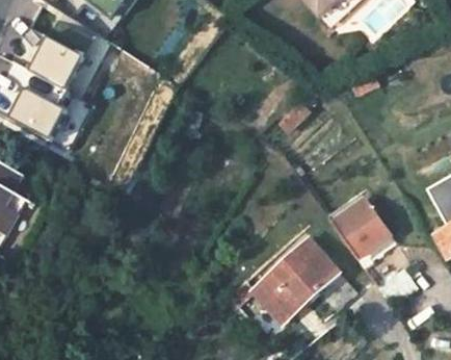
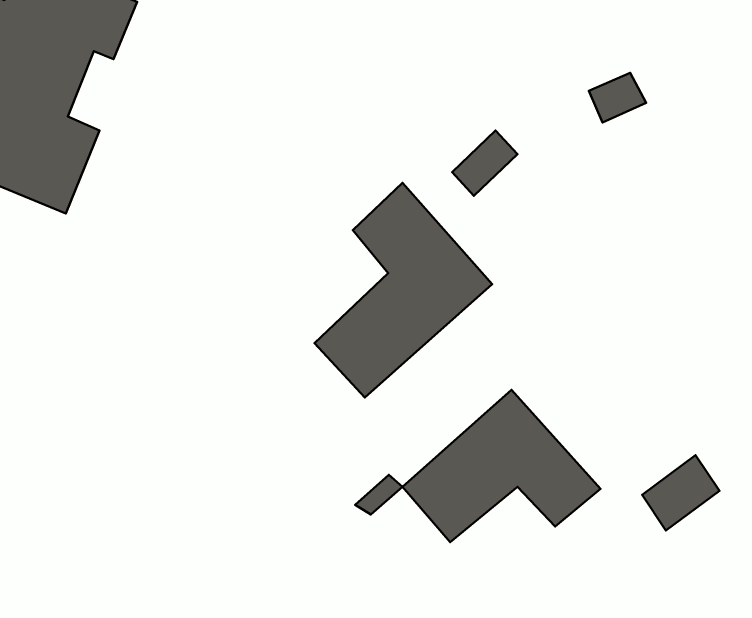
building: none -> [314,183,492,398]
building: [330,199,388,258] -> none

